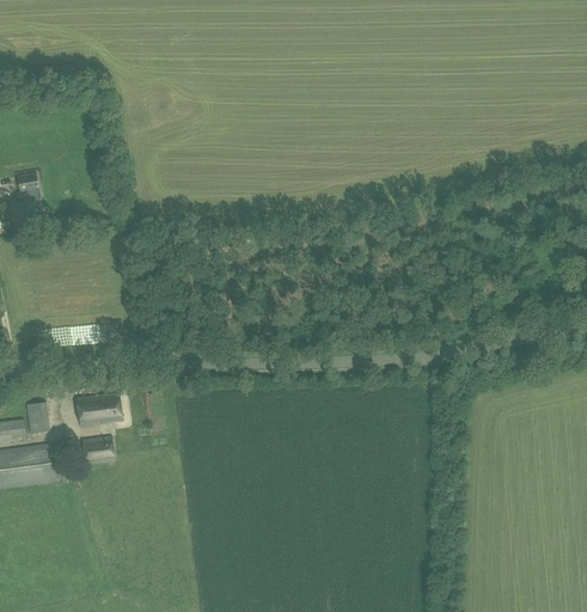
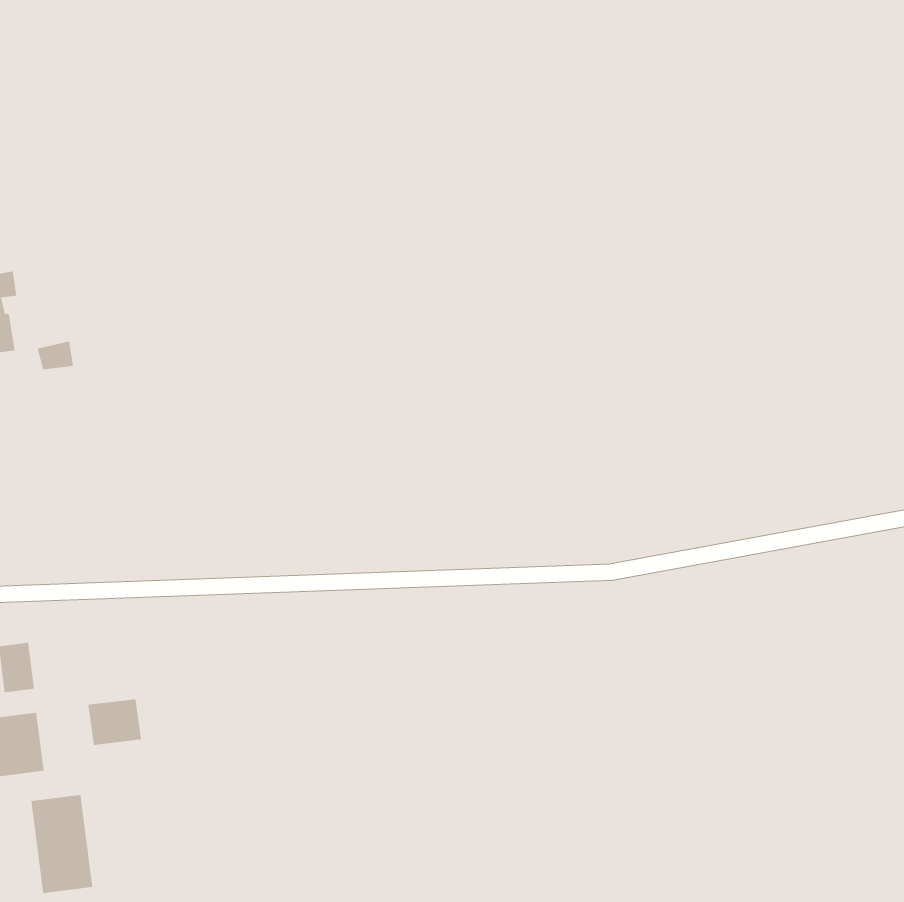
building: [75,392,122,426] -> none
building: none -> [31,794,93,894]

